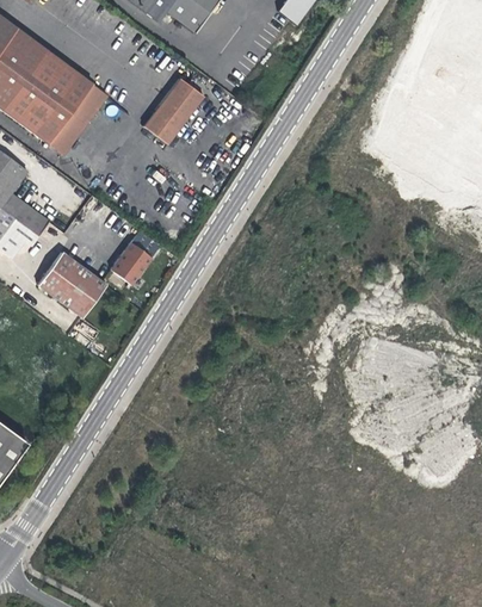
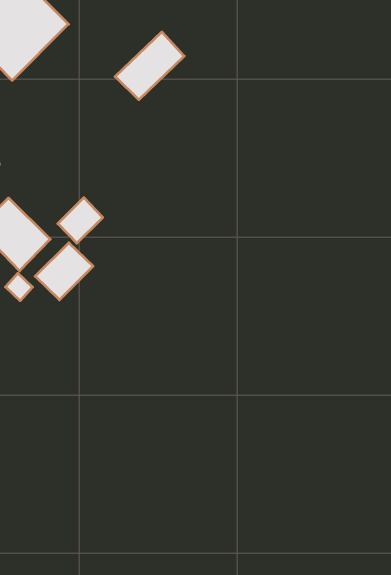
building: [48,86,106,155] -> none
building: none -> [35,243,93,300]

